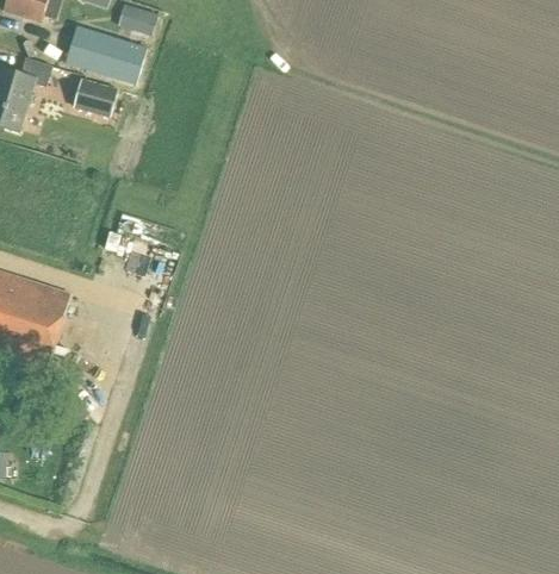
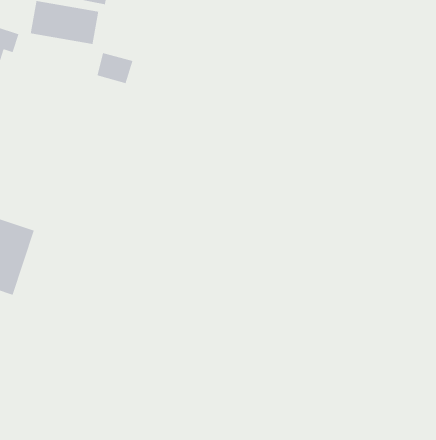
building: [75,74,118,111] -> [97,52,133,84]

